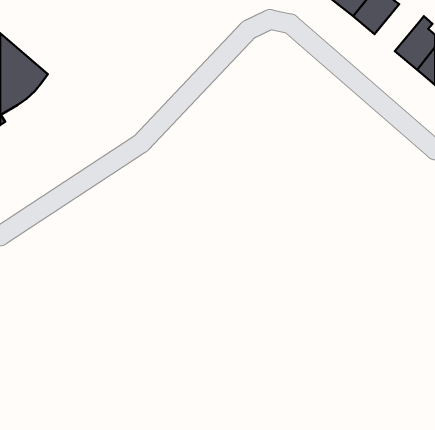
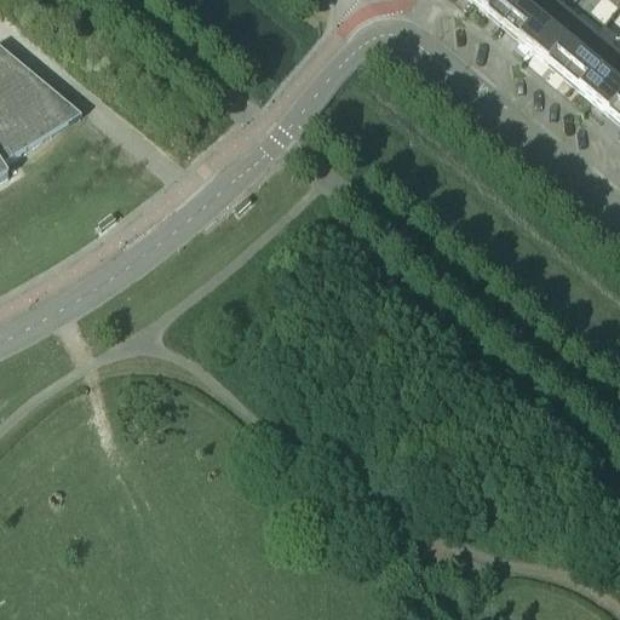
building: none -> [533,6,597,73]

